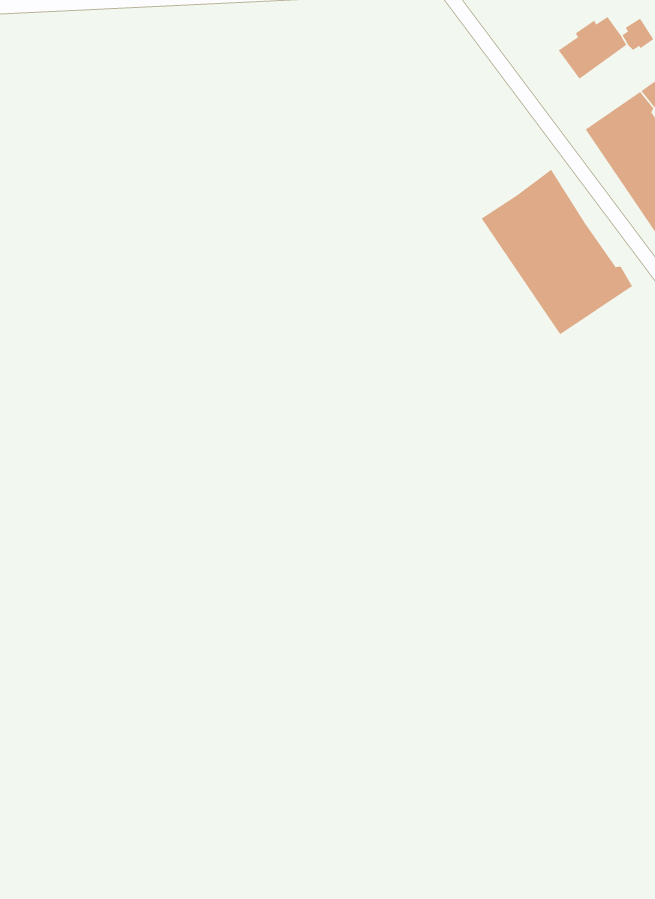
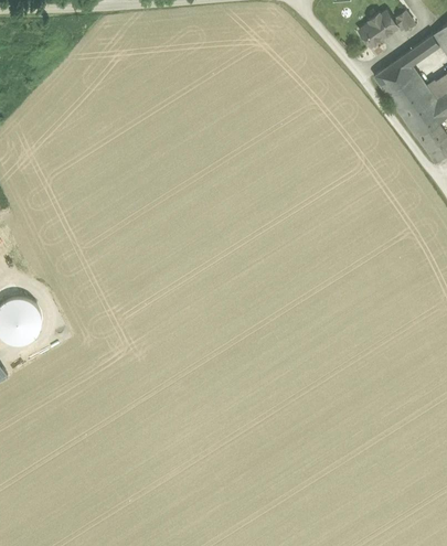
building: [481,169,633,335] -> none

